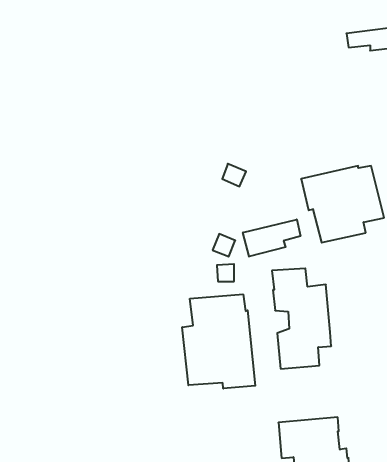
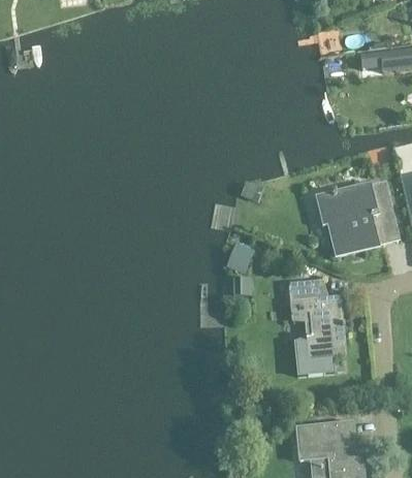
building: [243,219,300,257] -> none
building: [182,294,255,389] -> none

